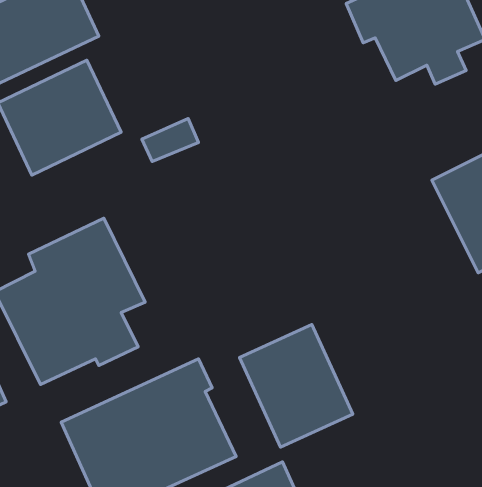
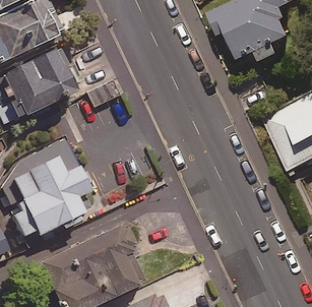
building: [239,325,353,447] -> none

